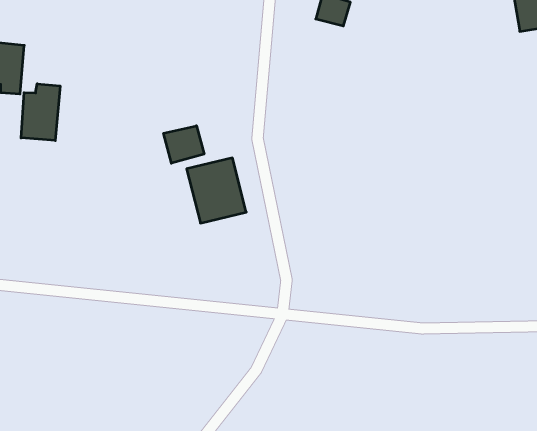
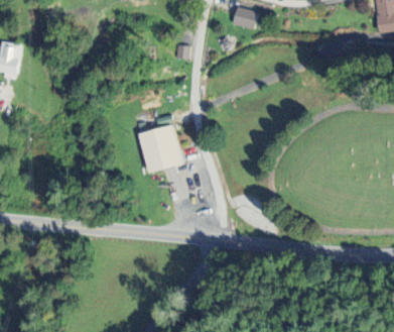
building: [21,84,60,141] -> none
building: [164,126,204,163] -> none

